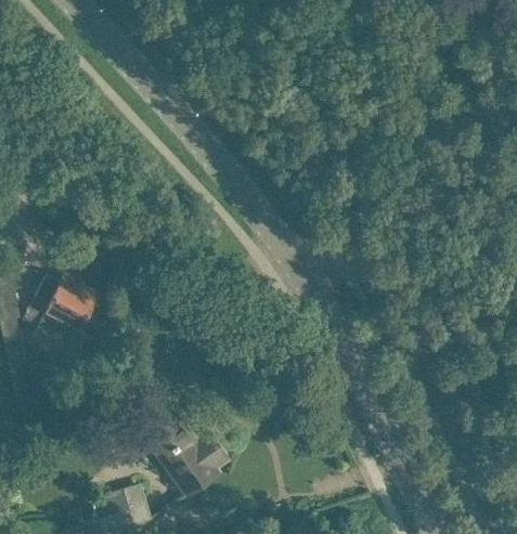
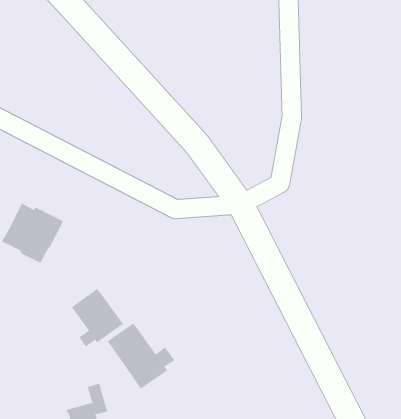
building: none -> [71,288,124,348]

